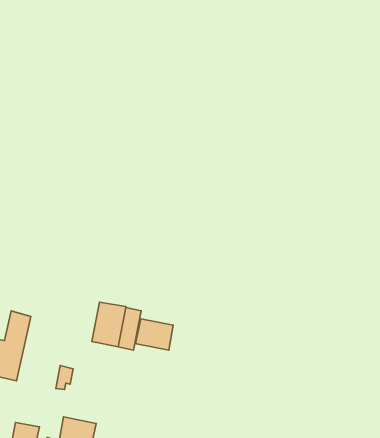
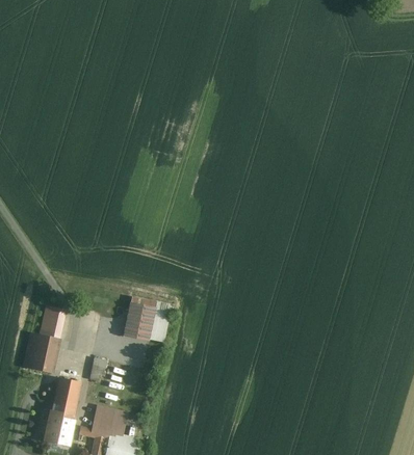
building: [136,319,173,350] -> none
building: none -> [50,378,80,416]

